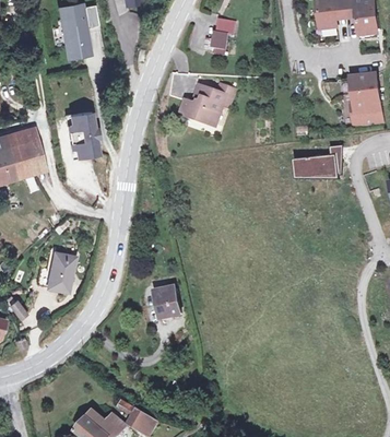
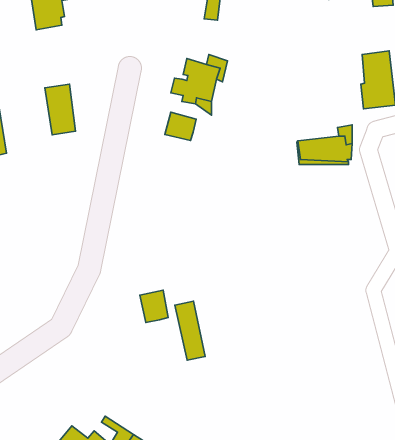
building: none -> [165,112,196,140]
building: [44,250,71,288] -> none
building: none -> [175,301,205,360]

